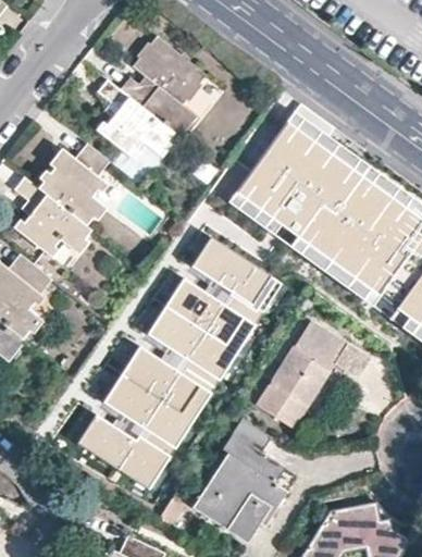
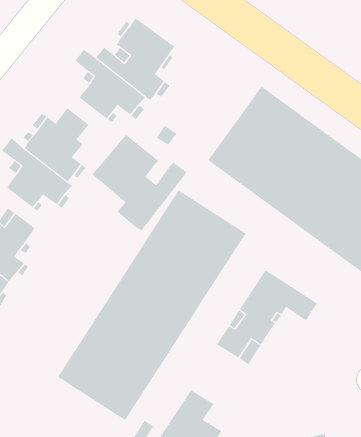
building: none -> [92,134,187,231]
building: [221,423,282,504] -> none

